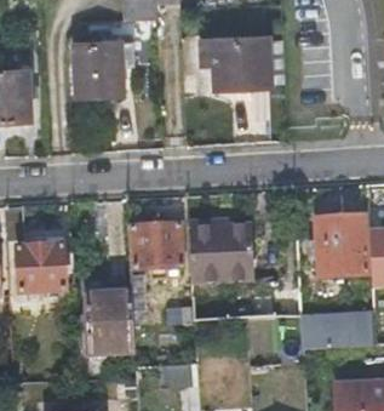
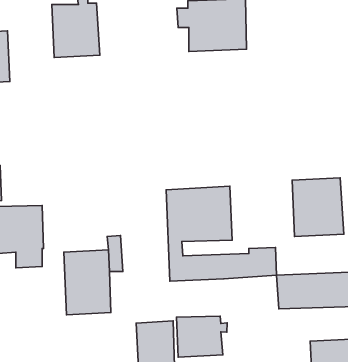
building: [131,223,184,280] -> none
building: none -> [177,316,227,357]

